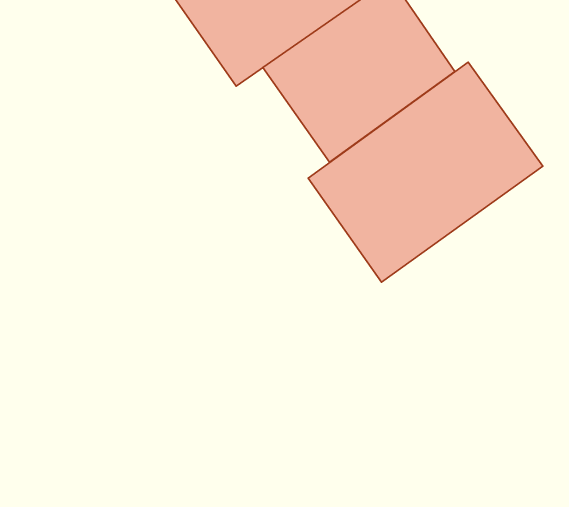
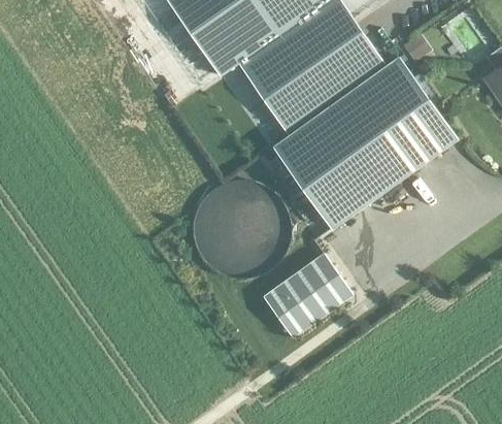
building: none -> [193,181,291,279]
building: none -> [264,254,353,337]

